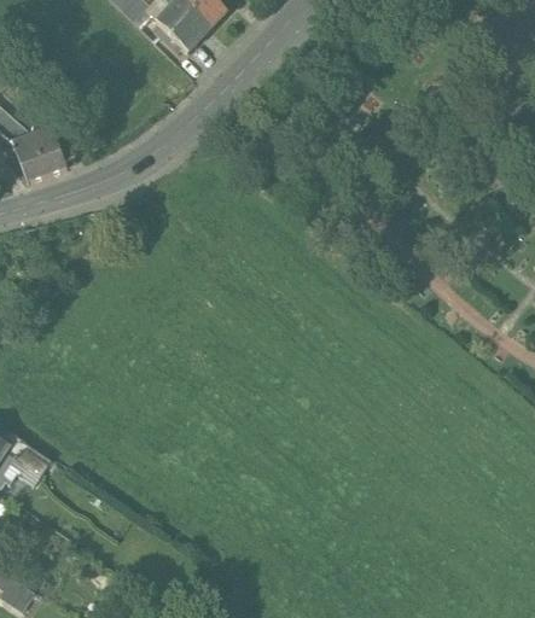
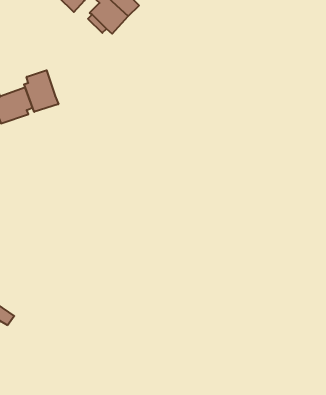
building: none -> [24,70,58,112]

